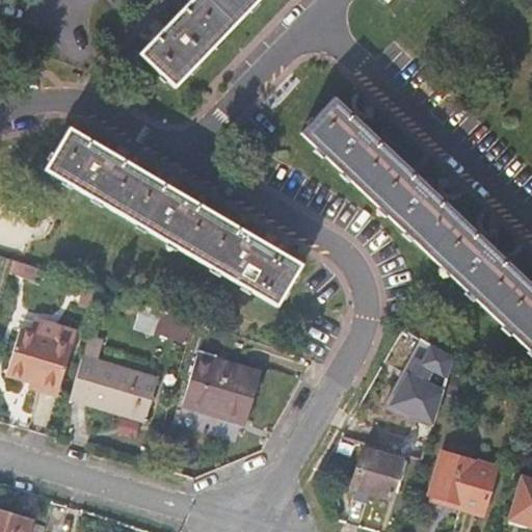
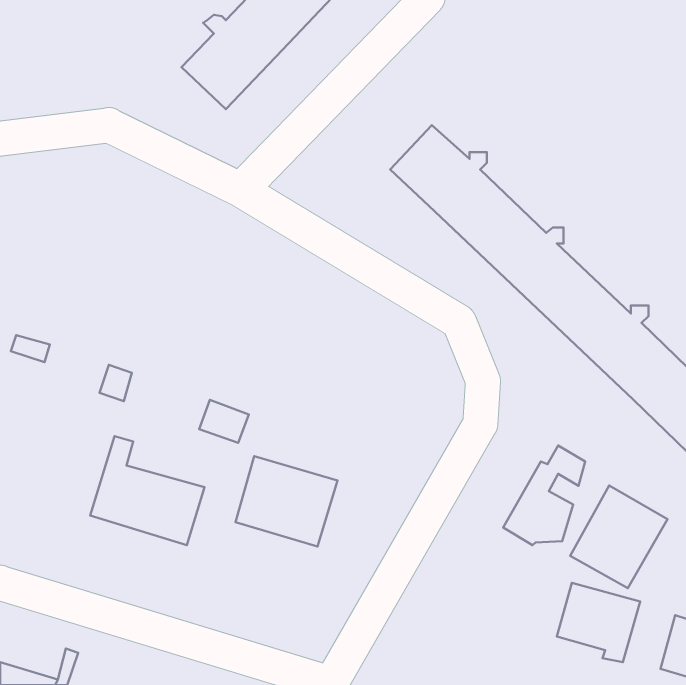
building: [47,128,301,303] -> none
building: [7,327,73,388] -> none
building: none -> [570,486,668,588]
building: [351,446,408,497] -> none

